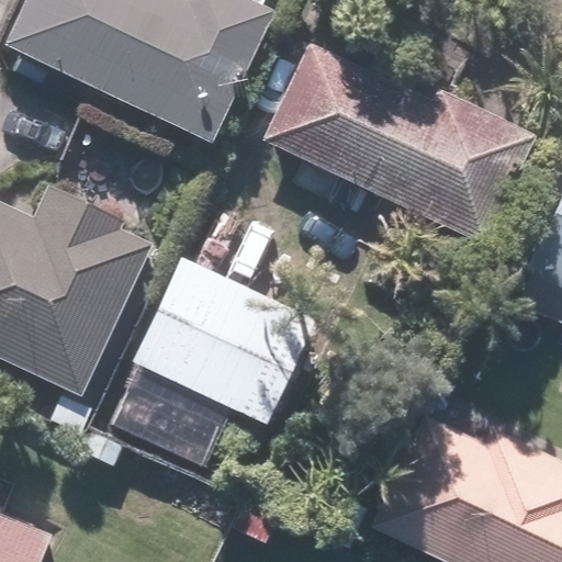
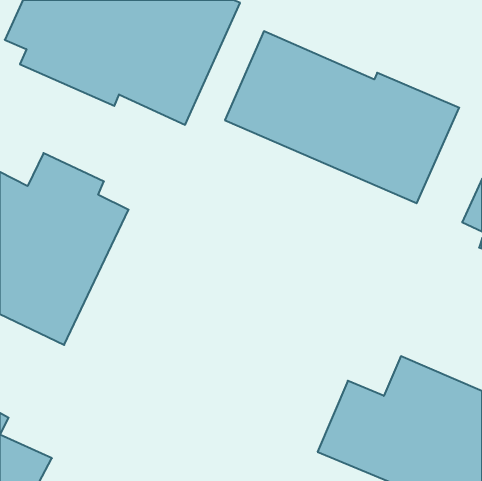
building: [122,257,319,427] -> none

